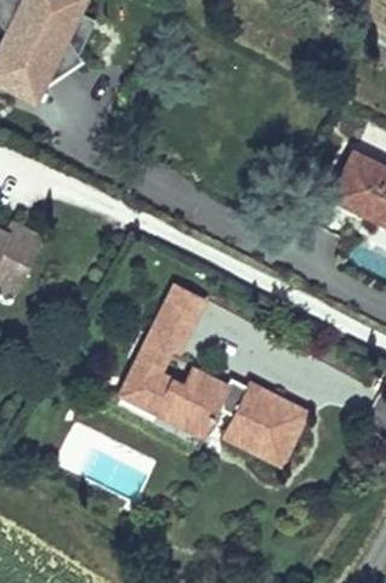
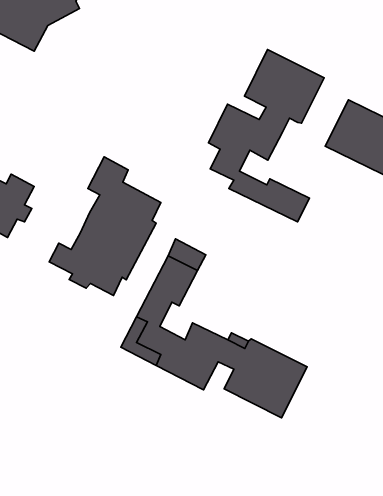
building: none -> [208,50,324,222]
building: none -> [49,157,161,296]

